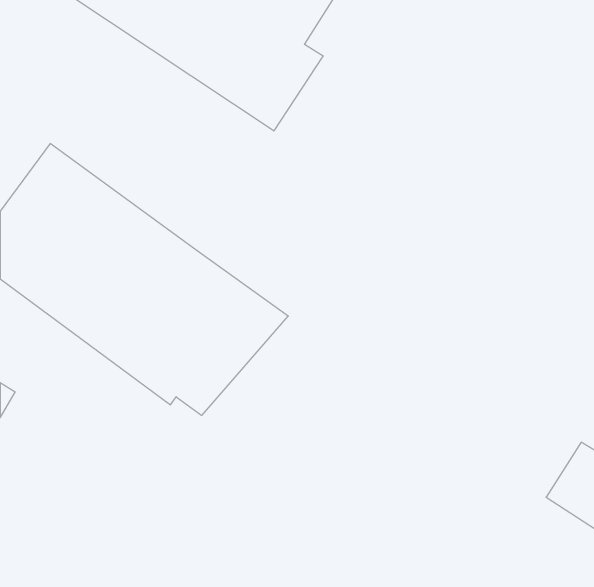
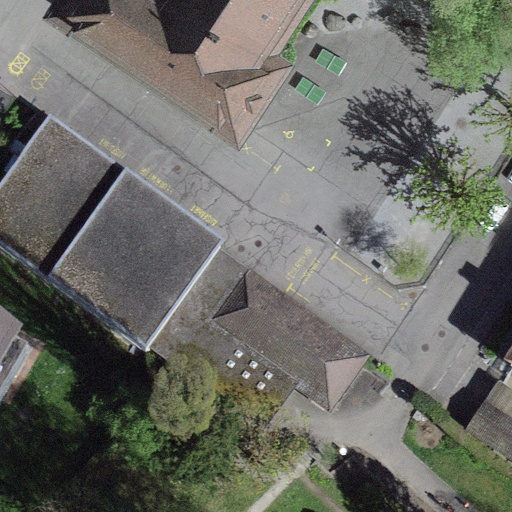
building: none -> [175,271,365,401]

